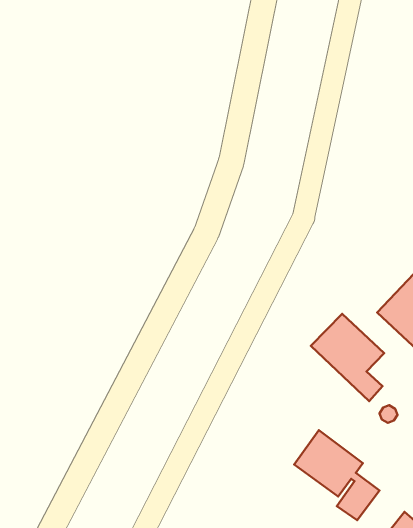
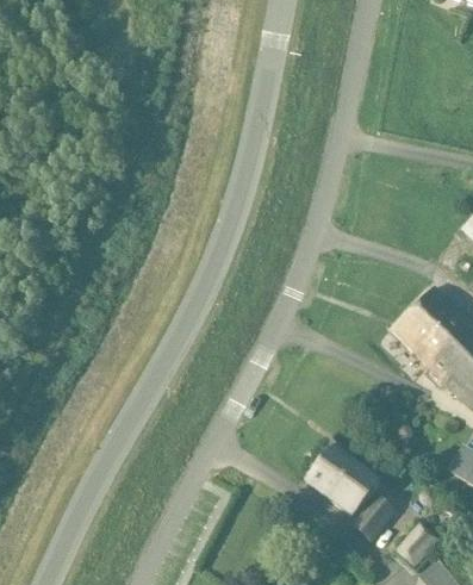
building: [311,314,384,401] -> none

